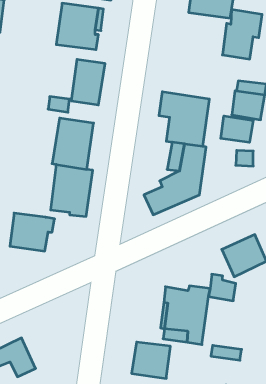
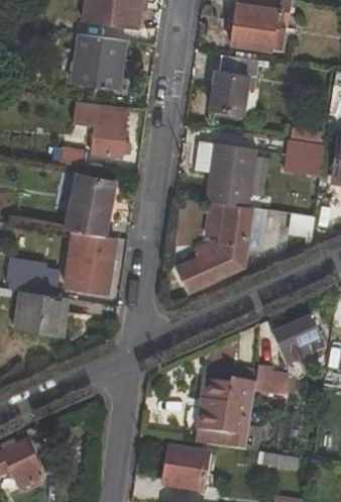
building: [222,9,262,59] -> [211,55,259,115]
building: [221,116,253,142] -> none
building: none -> [8,260,60,295]

